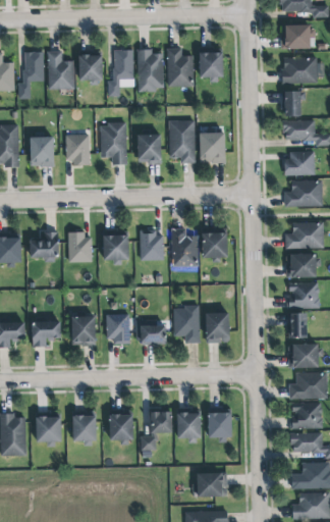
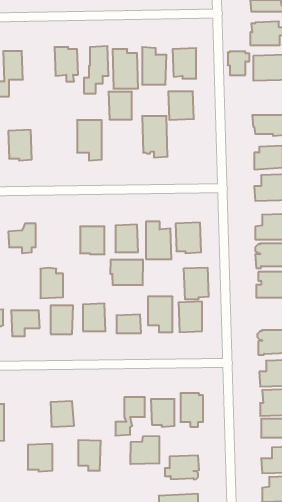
building: [48,52,74,91] -> none
building: [282,89,305,113] -> [228,51,249,75]
building: [200,135,226,164] -> [168,91,194,120]
building: [66,136,90,165] -> none
building: [138,136,162,164] -> [108,92,132,119]
building: [68,230,92,262] -> [40,268,63,298]
building: none -> [110,259,143,285]
building: none -> [184,268,209,299]
building: [288,311,307,336] -> none
building: [110,414,133,446] -> [78,440,101,471]
building: [37,416,62,445] -> [28,444,52,472]
building: none -> [131,436,159,464]

